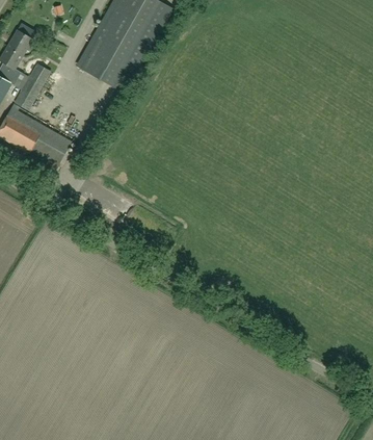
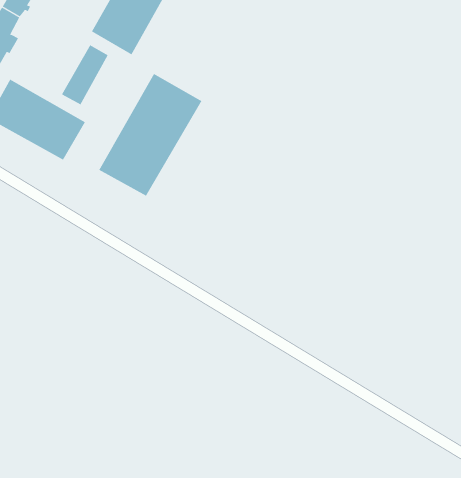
building: [14,62,51,110] -> [61,45,108,105]
building: none -> [99,73,202,196]

